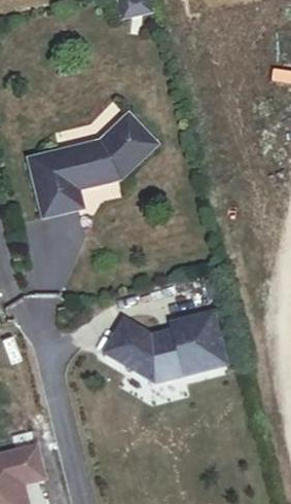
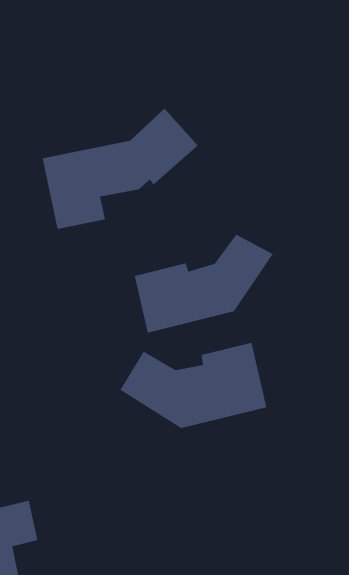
building: none -> [134,234,274,334]

